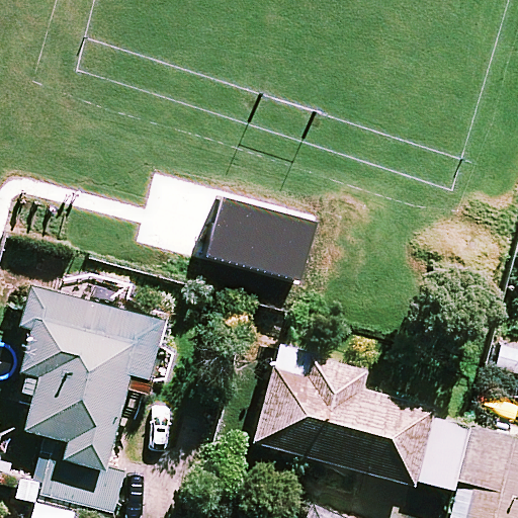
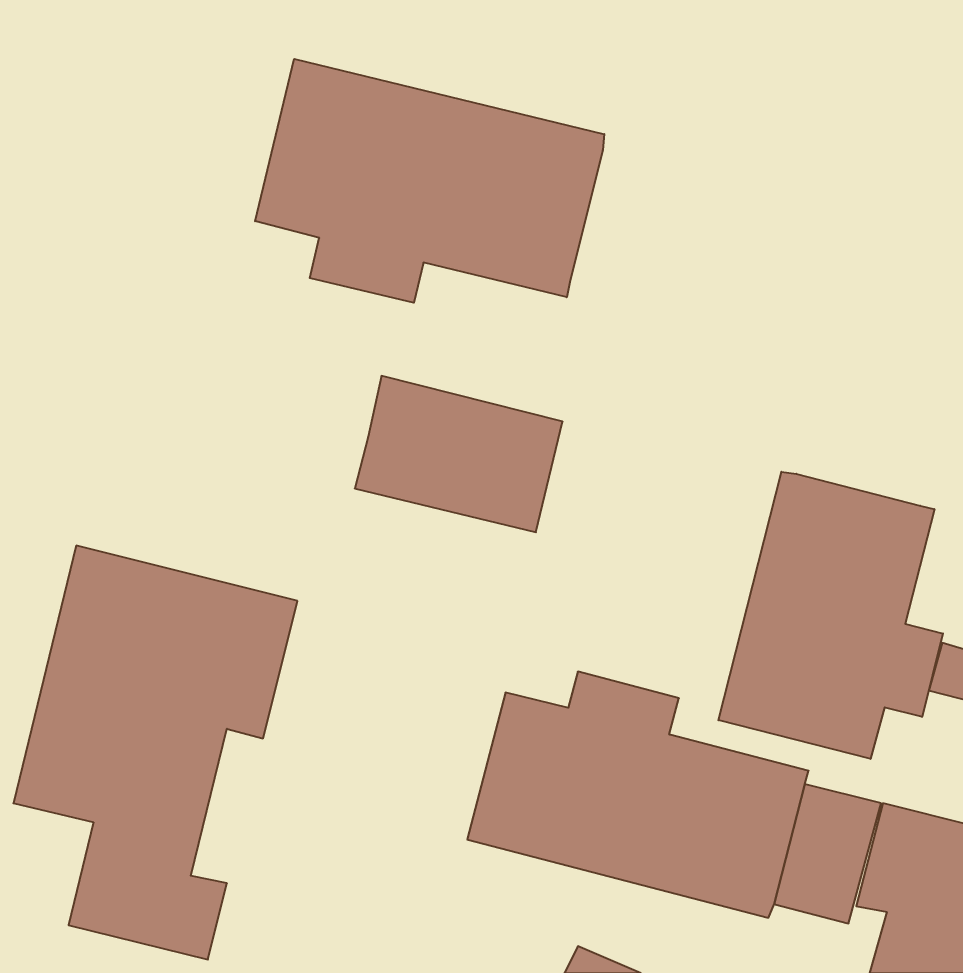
building: none -> [255,59,604,303]
building: none -> [718,472,943,759]

